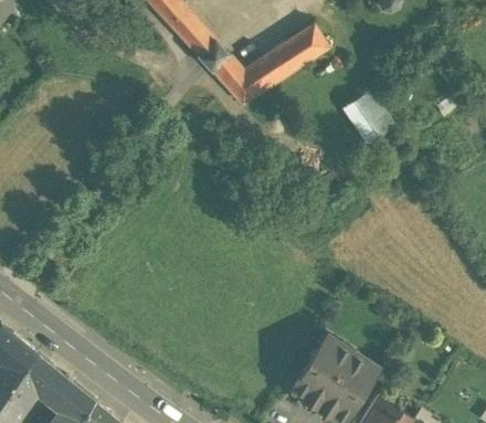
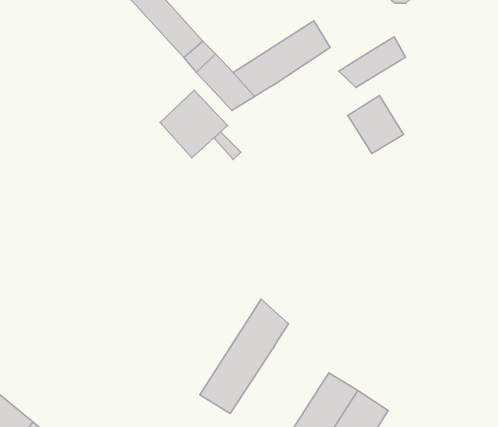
building: none -> [339,37,405,87]
building: none -> [160,90,227,158]
building: none -> [200,299,288,413]

